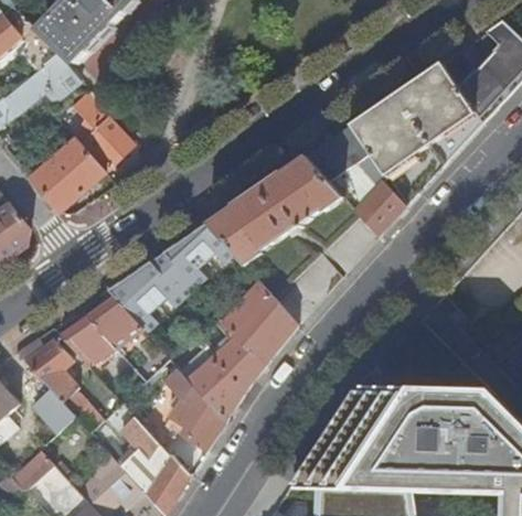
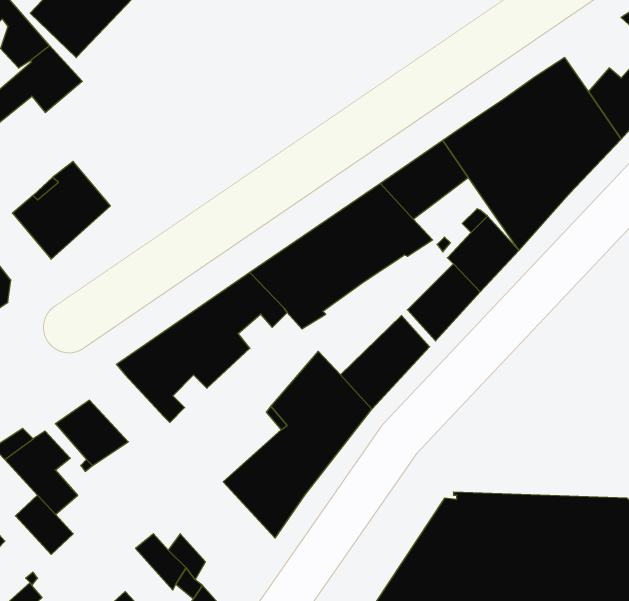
building: [71,88,131,169] -> none
building: [87,298,142,347] -> none
building: [166,367,225,449] -> none

